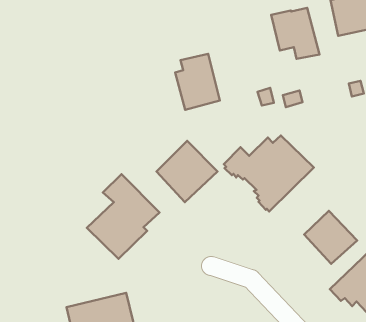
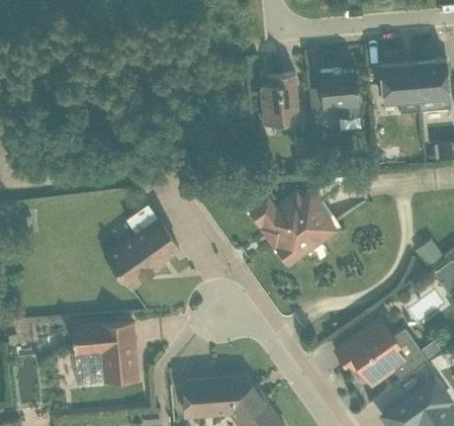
building: [175,54,220,110] -> [260,75,299,126]
building: [156,141,218,202] -> none
building: [304,211,357,264] -> none

